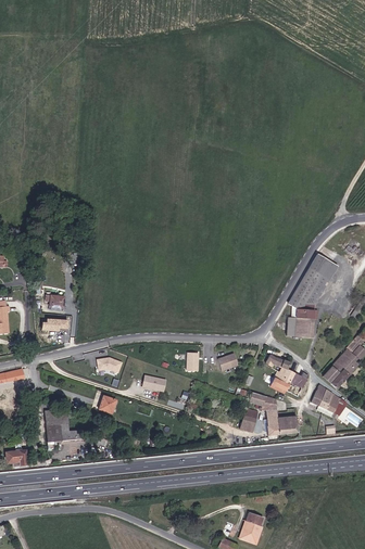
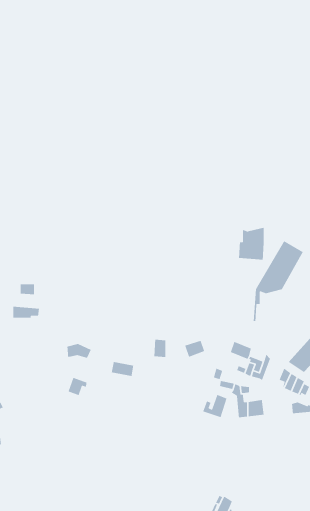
building: [289,302,316,336] -> [238,227,265,261]
building: [43,405,83,449] -> none

